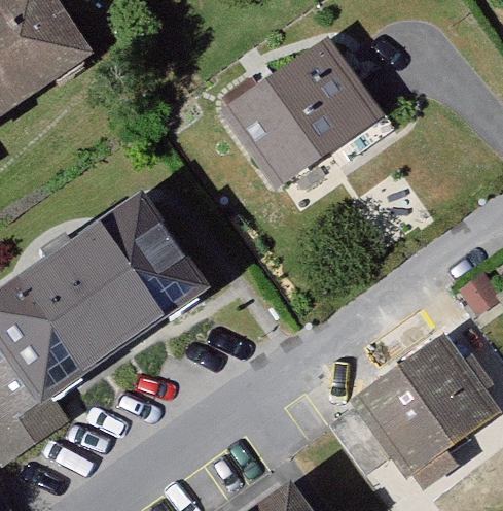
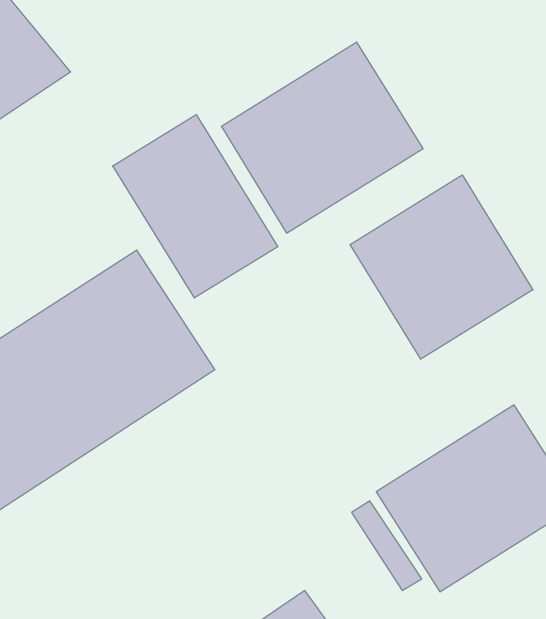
building: none -> [113,115,278,298]
building: none -> [350,175,533,359]

